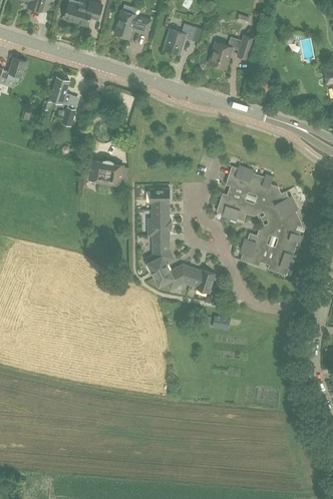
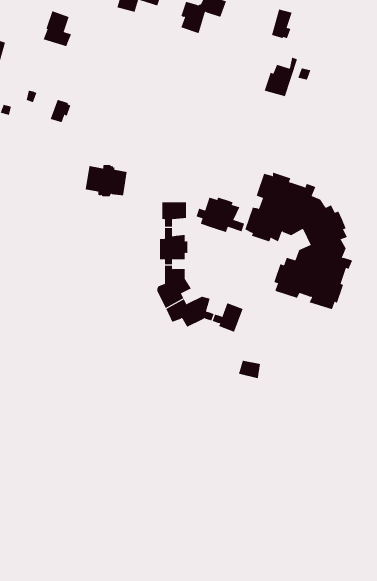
building: [208,36,235,68] -> [264,57,298,97]
building: [48,75,71,104] -> [43,10,72,47]
building: none -> [196,197,245,233]

